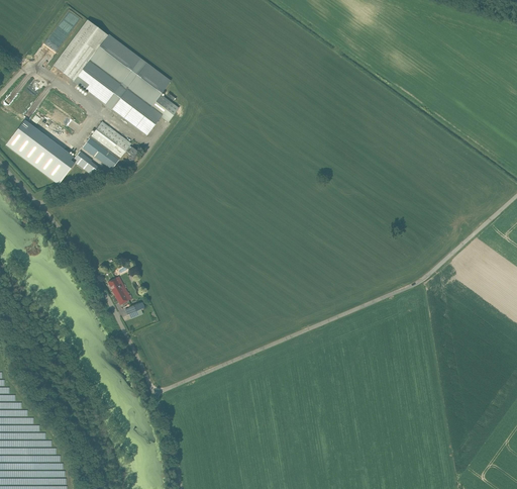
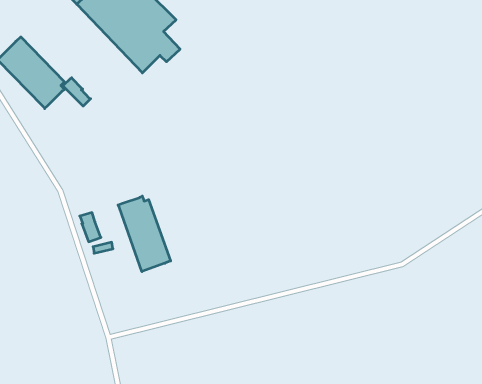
building: [83,121,138,169] -> none
building: none -> [118,196,171,272]

